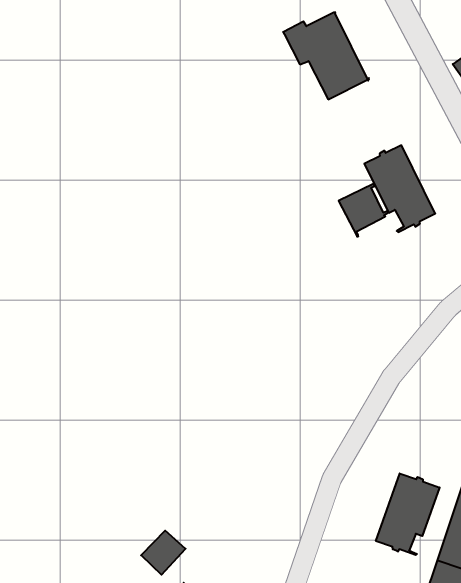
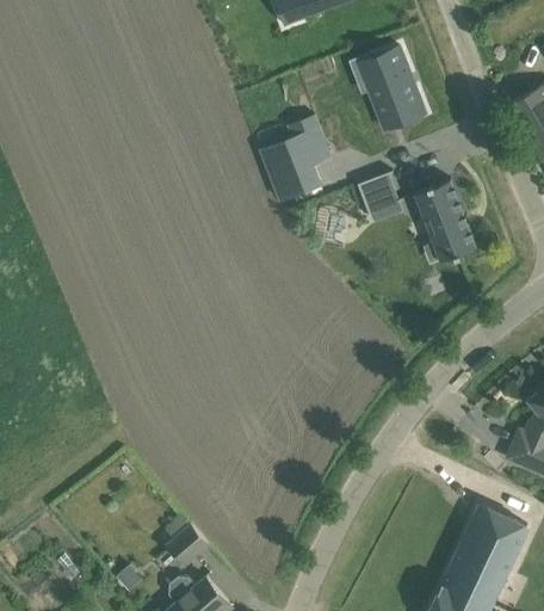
building: none -> [260,112,330,197]
building: [339,184,389,237] -> [358,171,404,220]
building: [376,473,440,555] -> none

